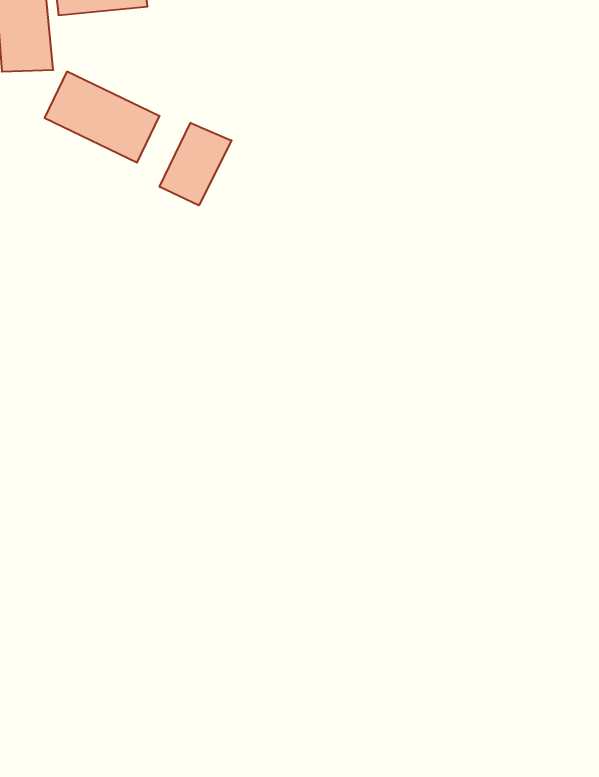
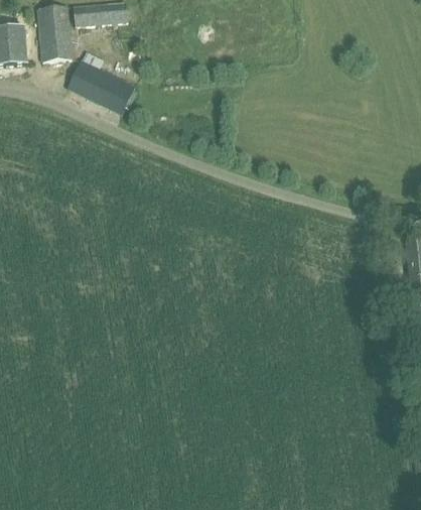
building: [160,123,232,205] -> none

